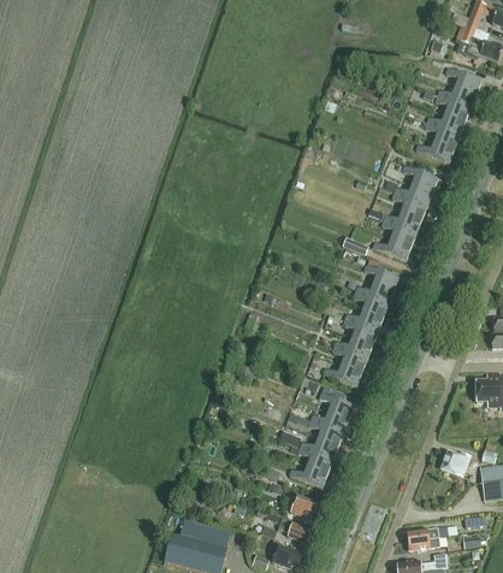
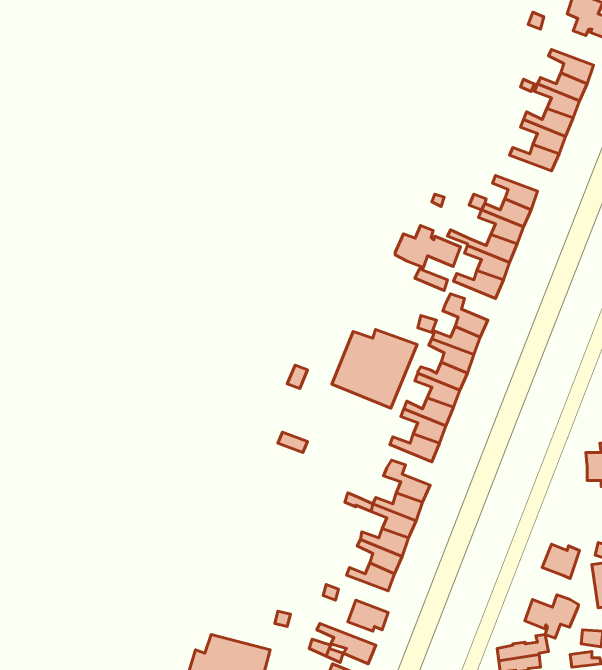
building: none -> [395,225,460,268]
building: none -> [332,329,417,408]
building: none -> [525,595,578,638]

